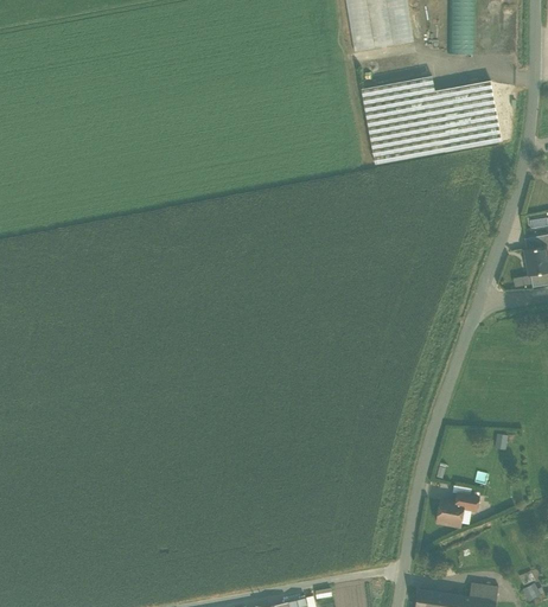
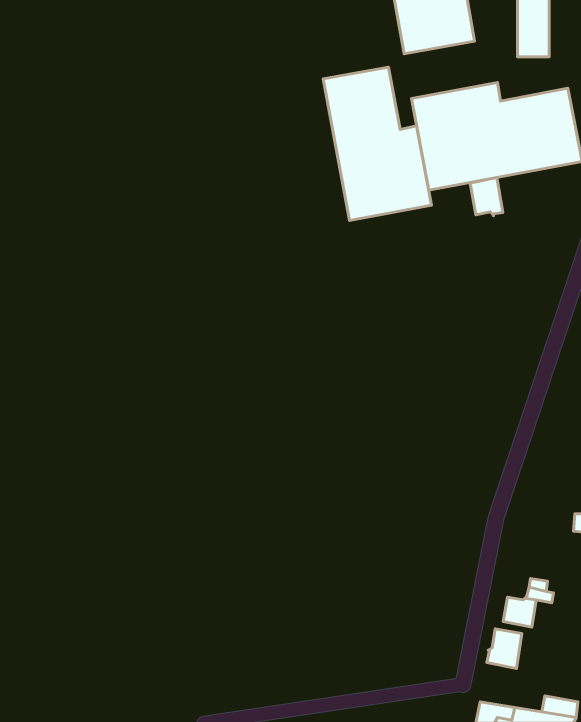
building: none -> [323,67,432,220]
building: none -> [470,177,503,216]
building: none -> [487,629,522,668]

